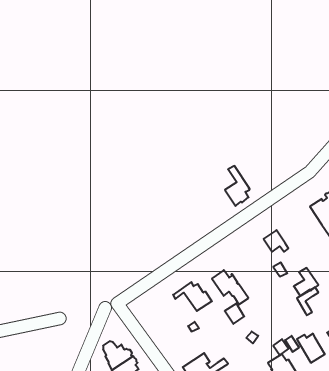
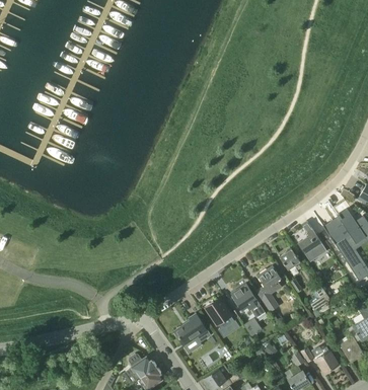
building: [225,166,250,206] -> [298,222,321,259]
building: none -> [256,267,281,301]
building: none -> [174,314,210,346]

